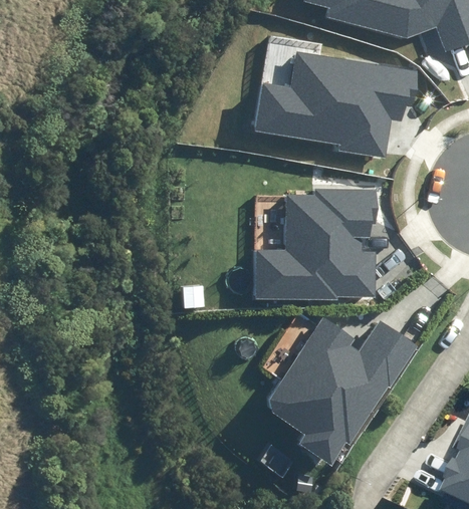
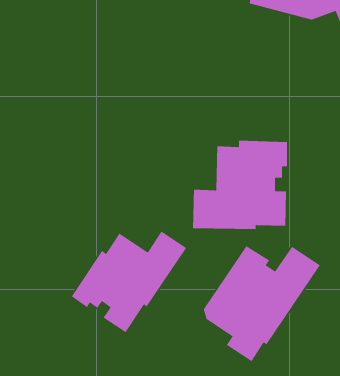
building: [253,52,419,158] -> none
building: none -> [71,230,187,333]

